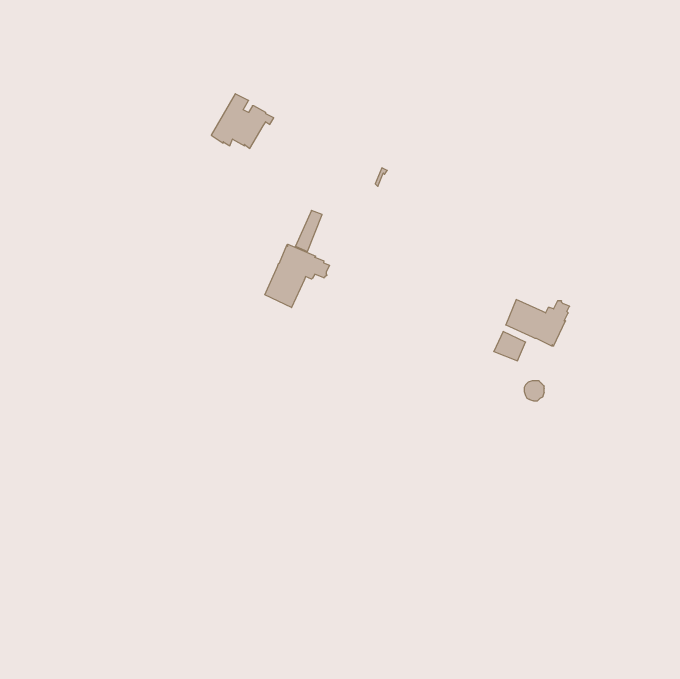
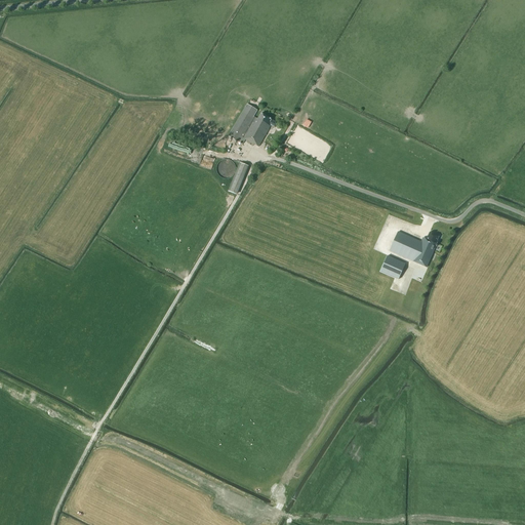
building: [211,94,274,148] -> [229,104,277,146]
building: [265,244,330,308] -> none

